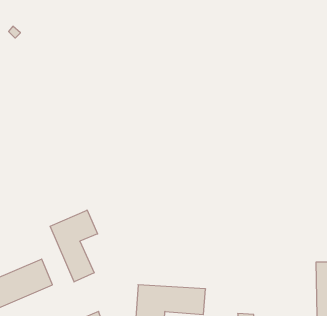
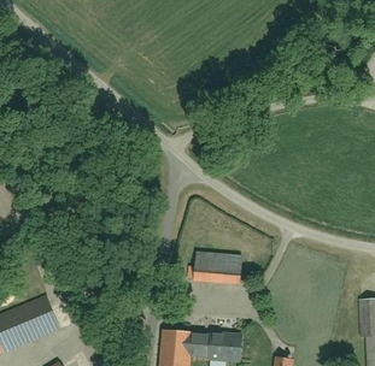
building: [50,210,98,282] -> none
building: none -> [191,252,240,283]

